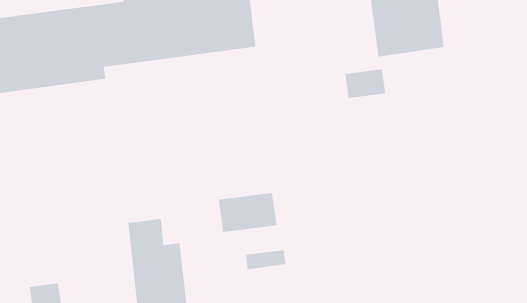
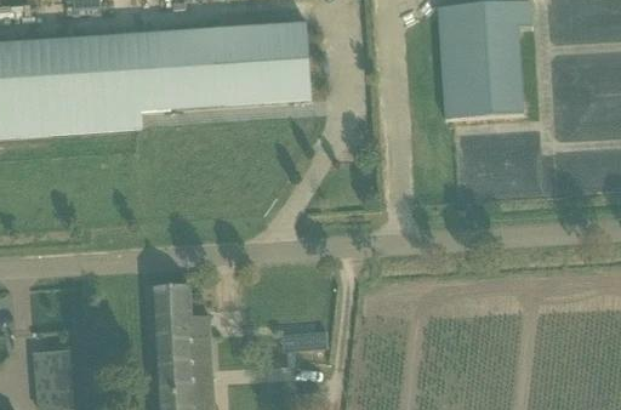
building: [344,68,386,99] -> none
building: [218,192,277,233] -> none

